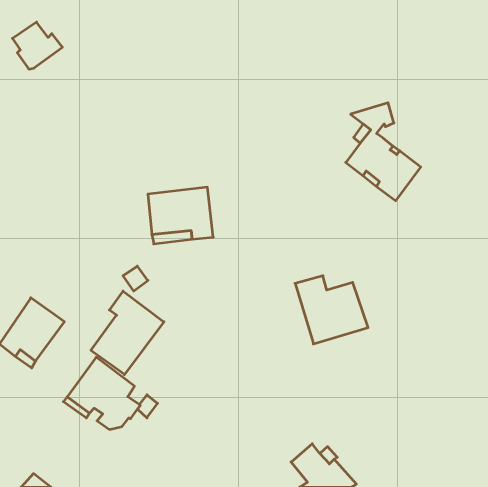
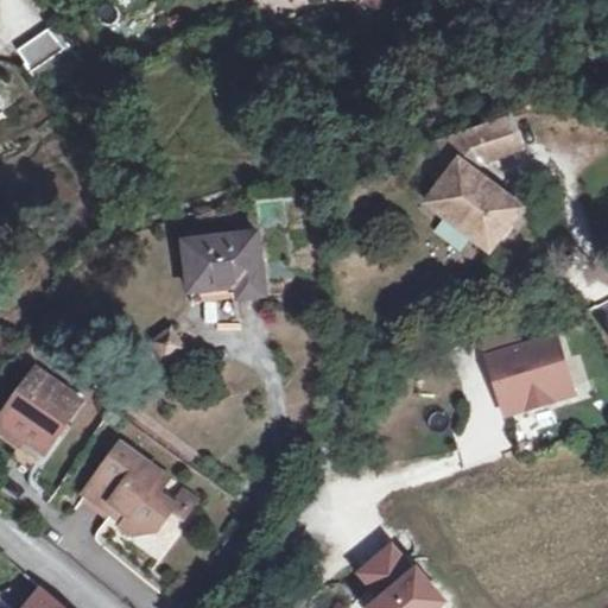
building: none -> [466,118,520,171]
building: [295,276,368,344] -> [481,328,571,412]
building: [91,291,164,375] -> none

